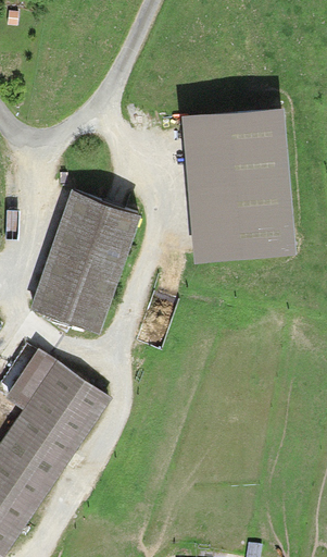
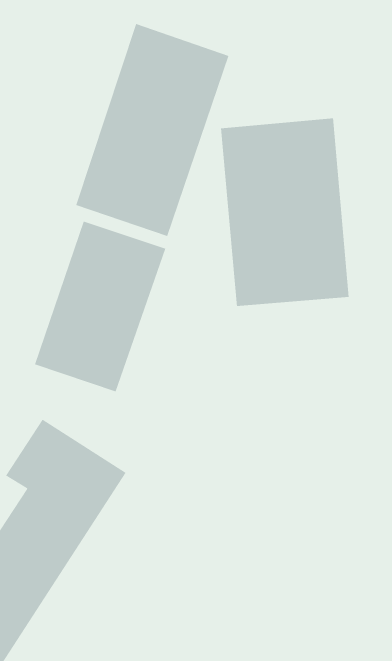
building: none -> [76,23,229,237]

